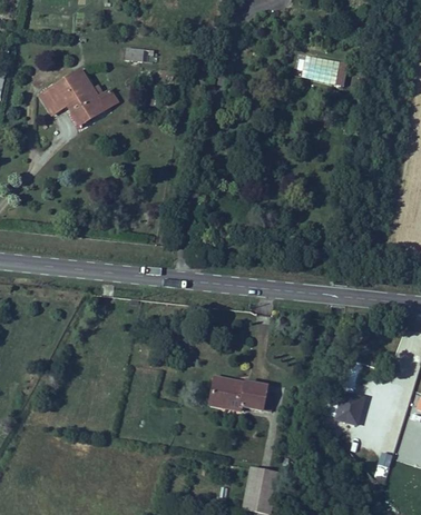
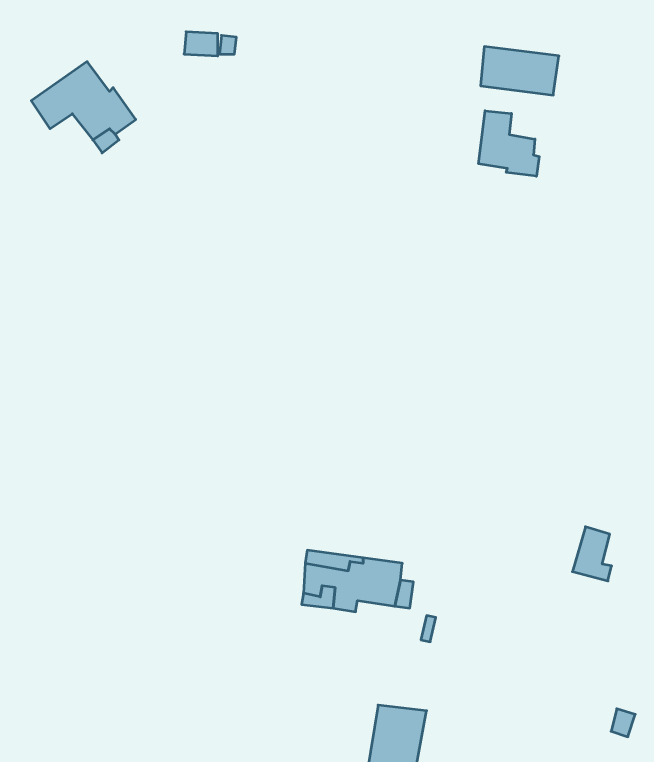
building: none -> [479,111,539,176]
building: [343,397,366,429] -> [572,527,612,581]

